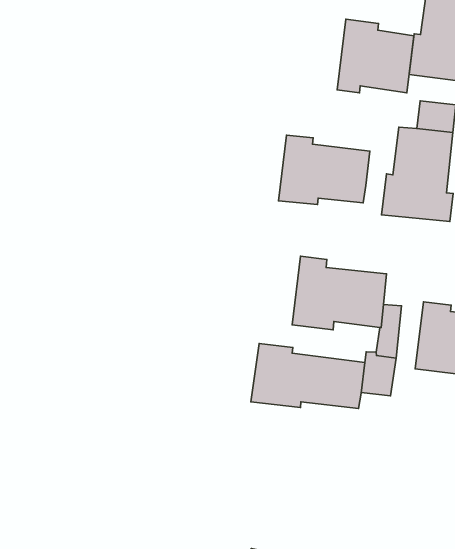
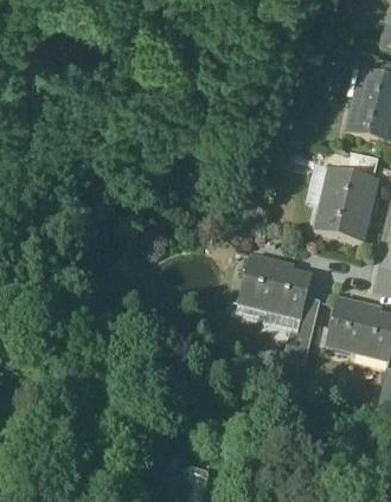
building: [337,19,414,93] -> none
building: [278,135,370,205] -> none
building: [251,343,365,408] -> none

